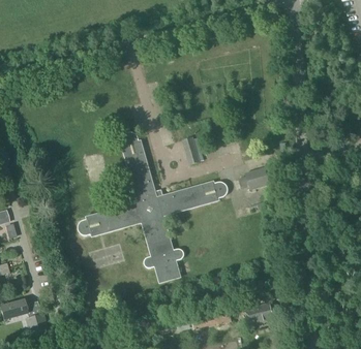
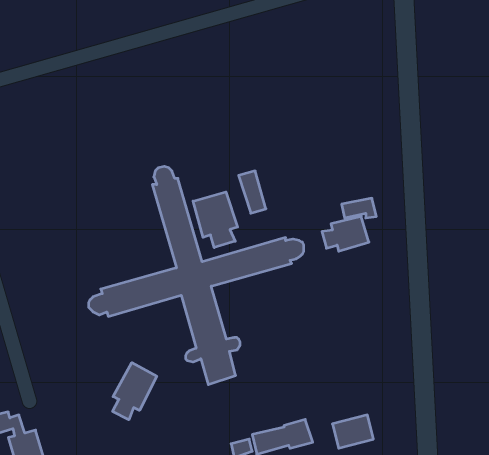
building: none -> [193,192,238,248]
building: none -> [113,363,157,420]

